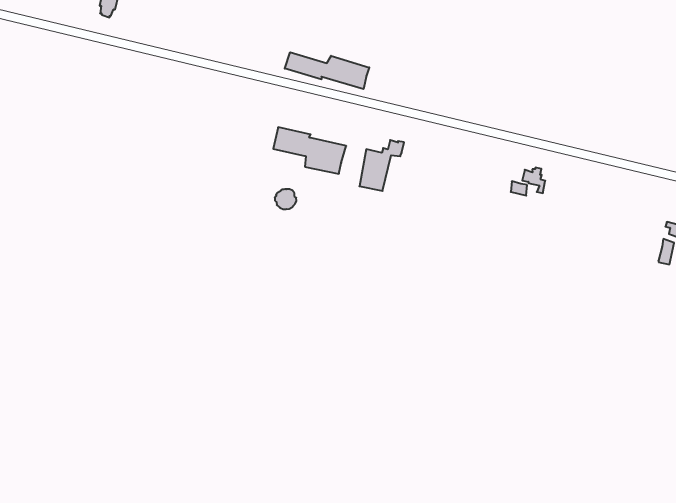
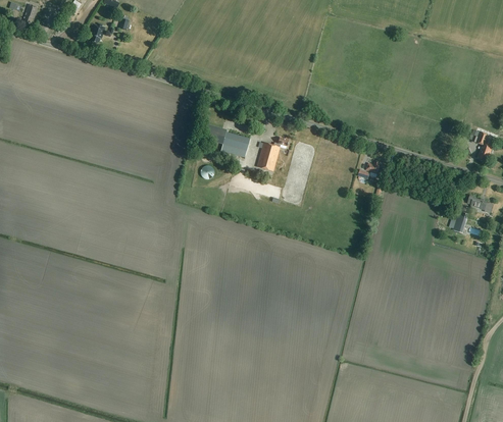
building: [285,52,369,89] -> none

